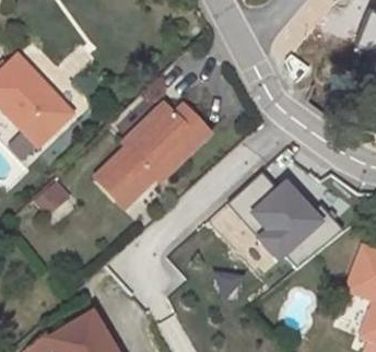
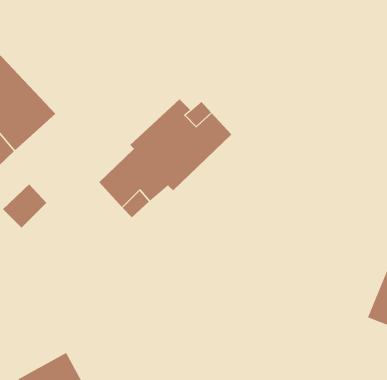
building: [227,169,337,266] -> none

